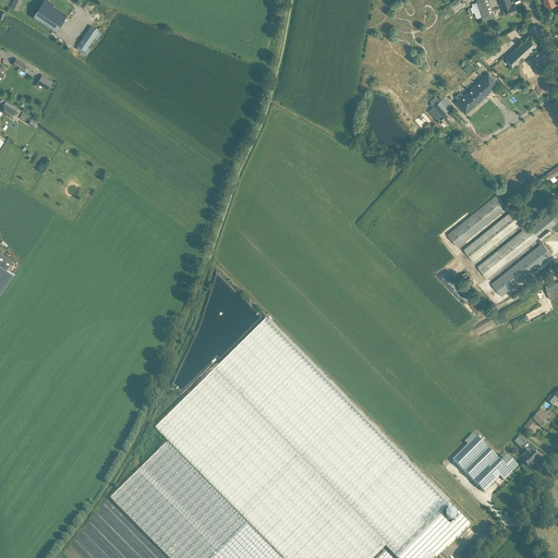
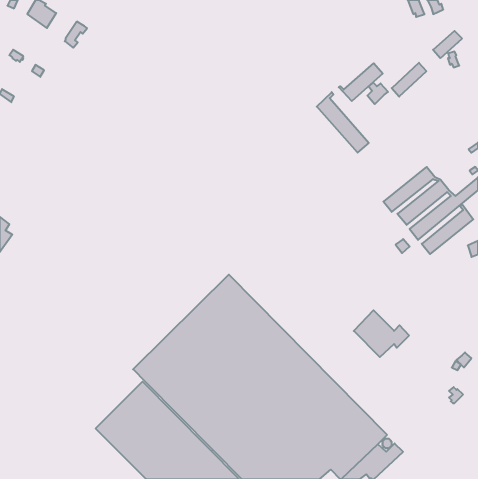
building: none -> [339,63,383,101]
building: none -> [317,92,369,153]
building: [452,437,517,492] -> [354,310,409,357]

